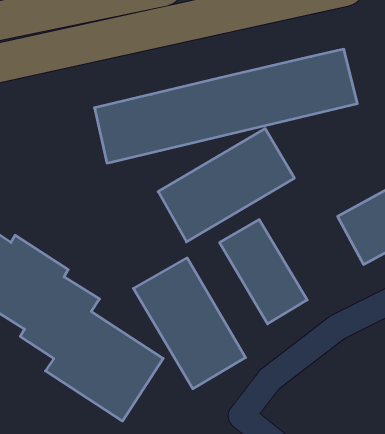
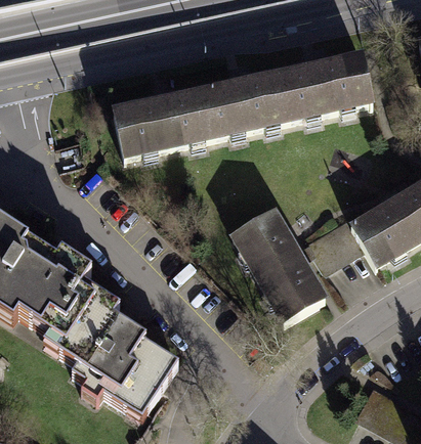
building: [158,129,294,242] -> none
building: [133,258,246,389] -> none

